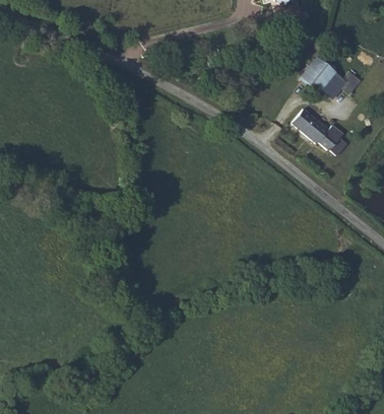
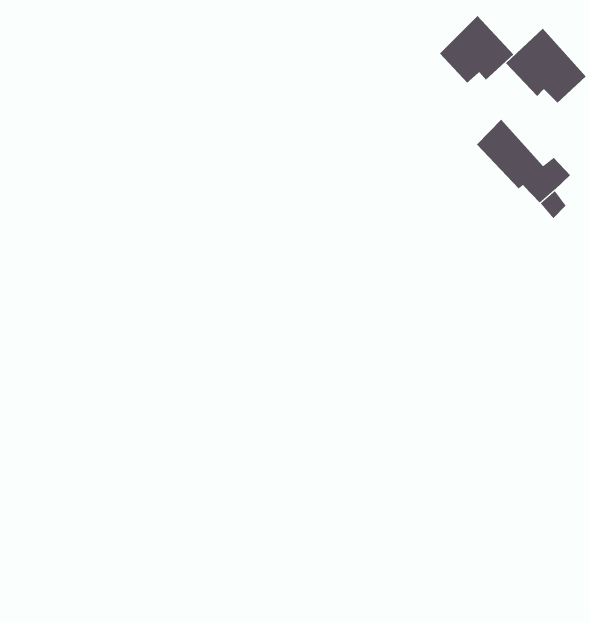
building: none -> [439,15,514,83]

